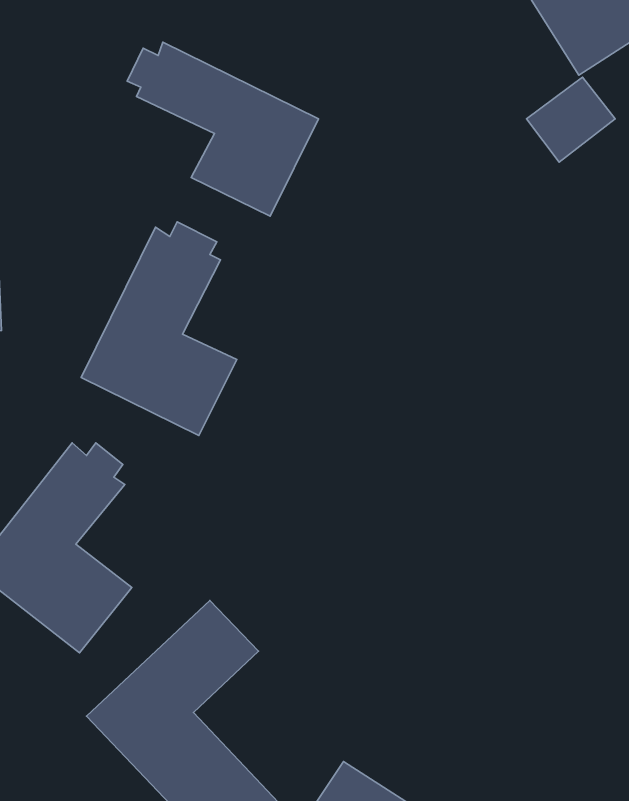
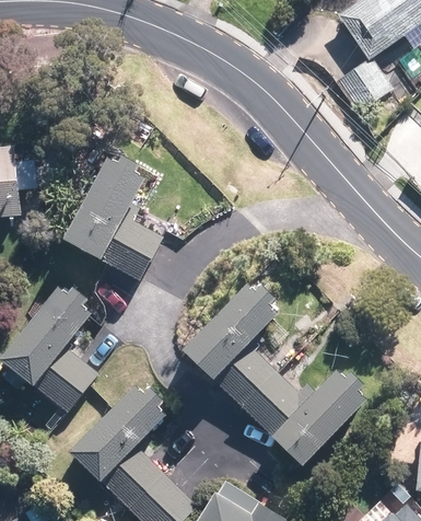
building: [127,42,318,216] -> none
building: none -> [184,279,371,463]

